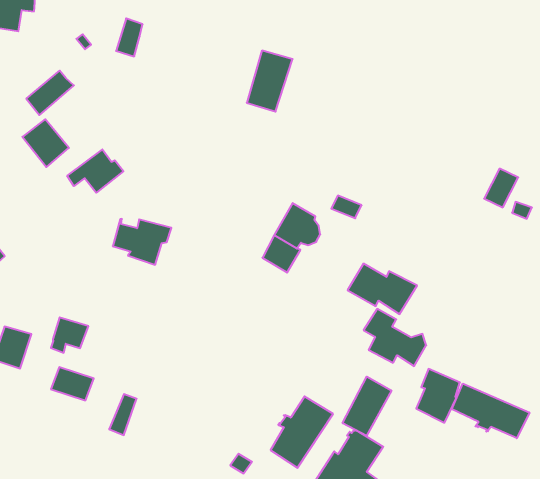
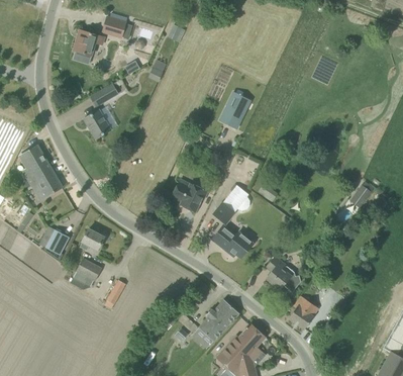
building: [67,149,123,193] -> none
building: [113,219,171,265] -> [172,181,208,211]
building: [348,264,417,314] -> [212,224,254,258]
building: [343,377,391,436] -> none
building: [452,384,529,438] -> none

